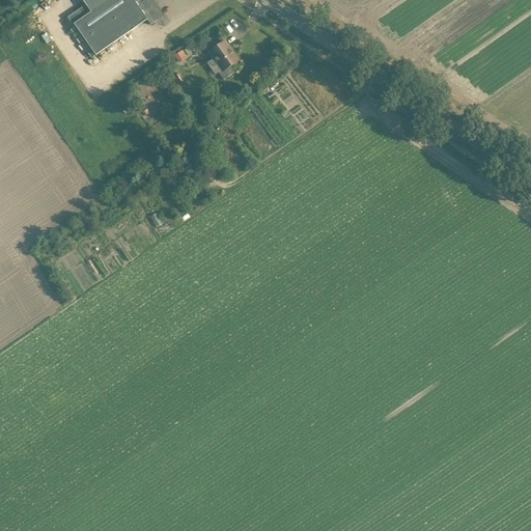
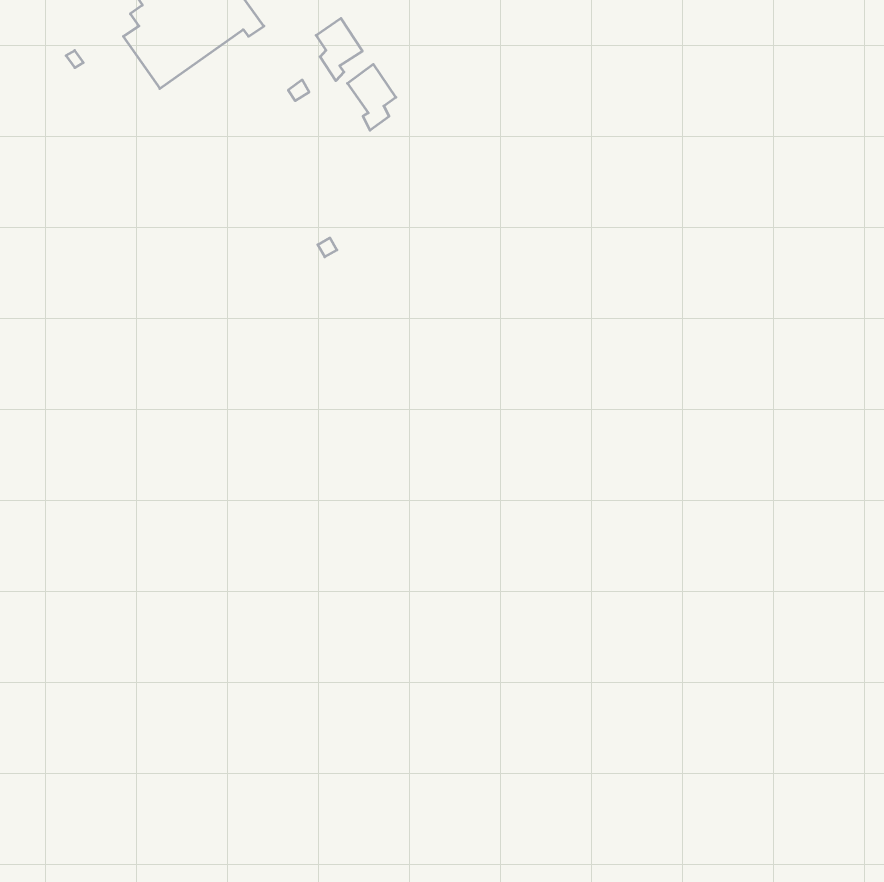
building: none -> [316,18,362,81]

